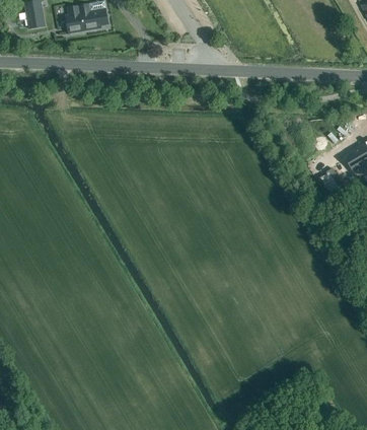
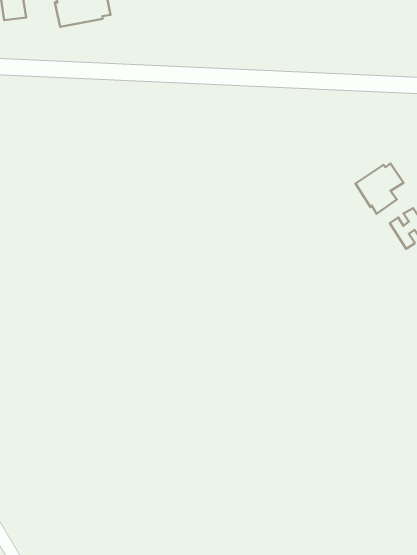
building: none -> [355,163,403,214]

